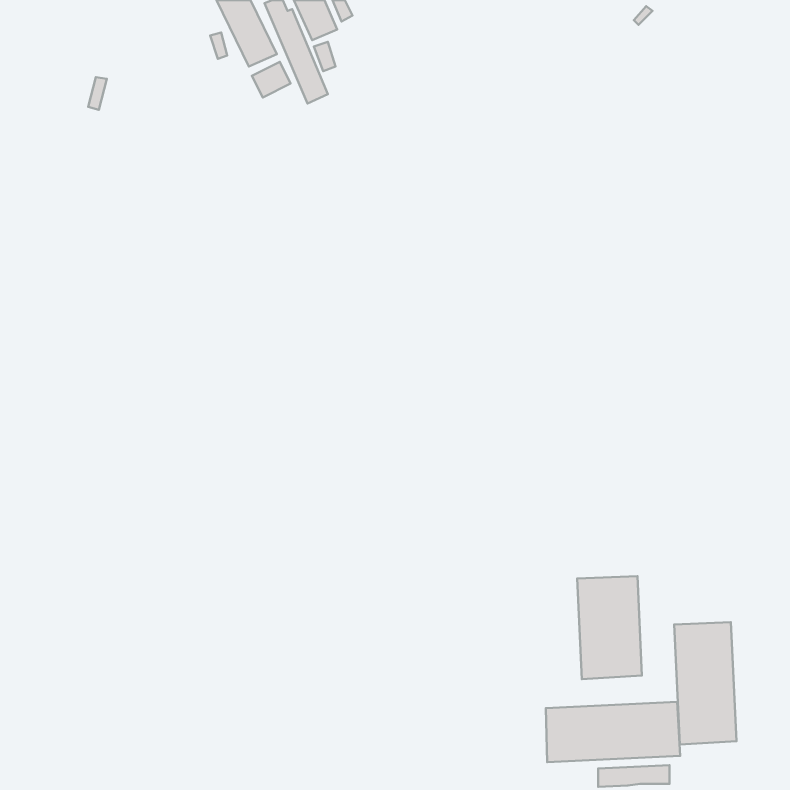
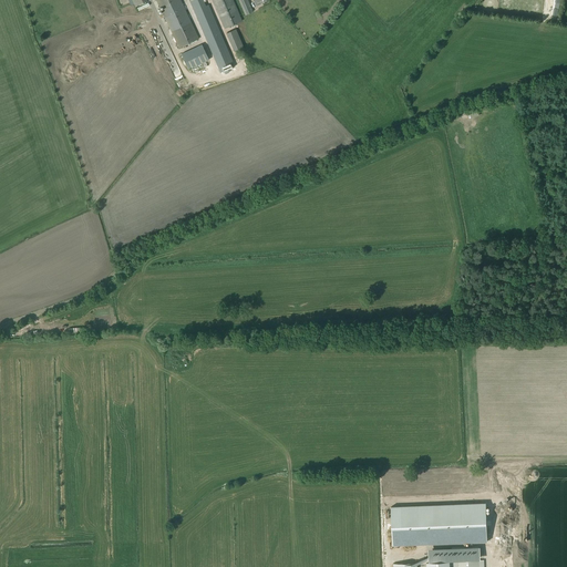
building: [577,576,642,679] -> none
building: [674,622,736,745] -> none

